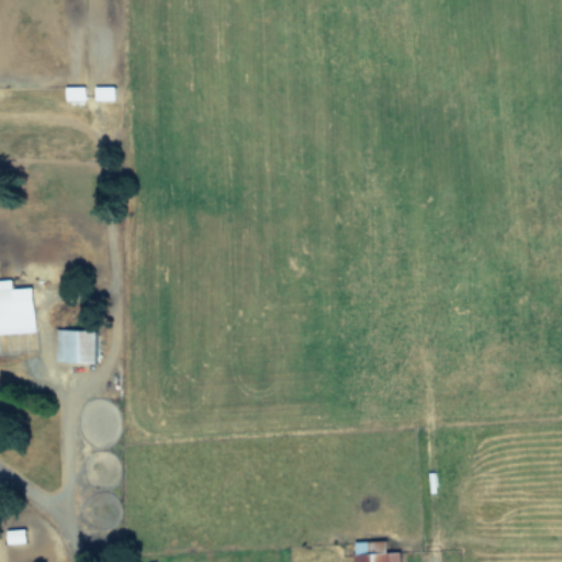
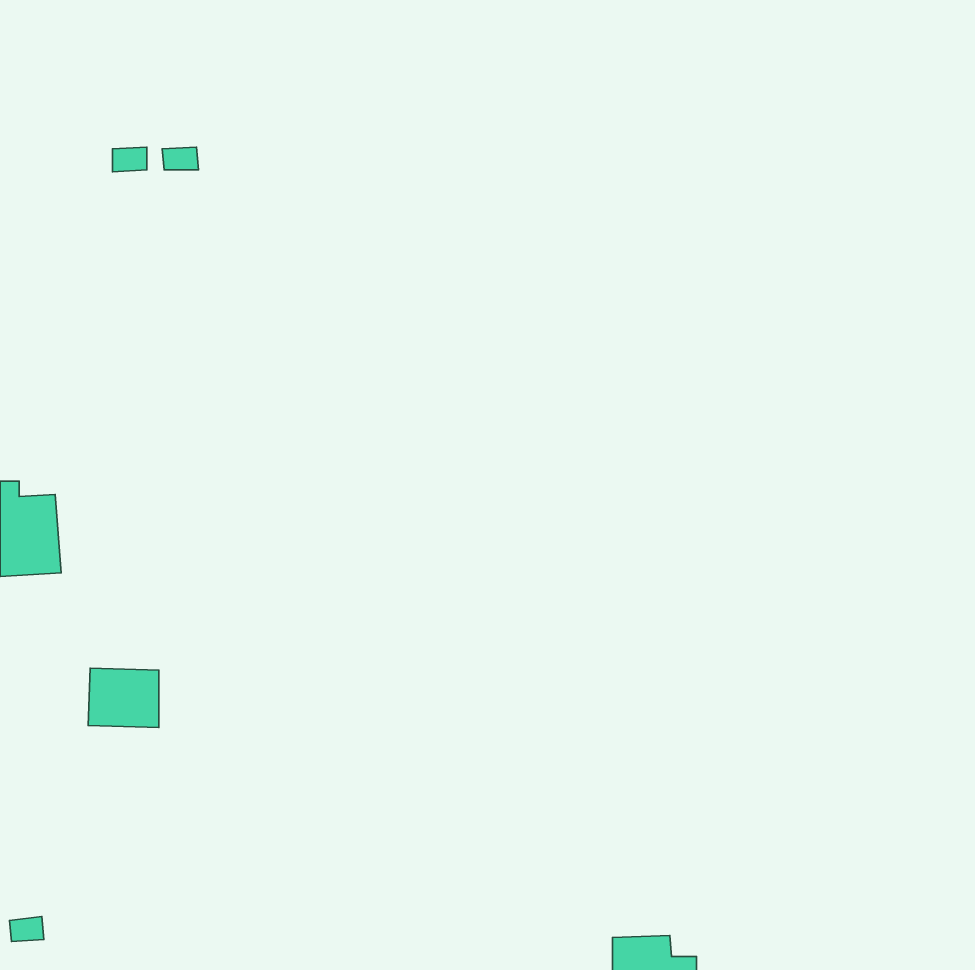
building: [55,329,95,363] -> [88,668,159,727]

